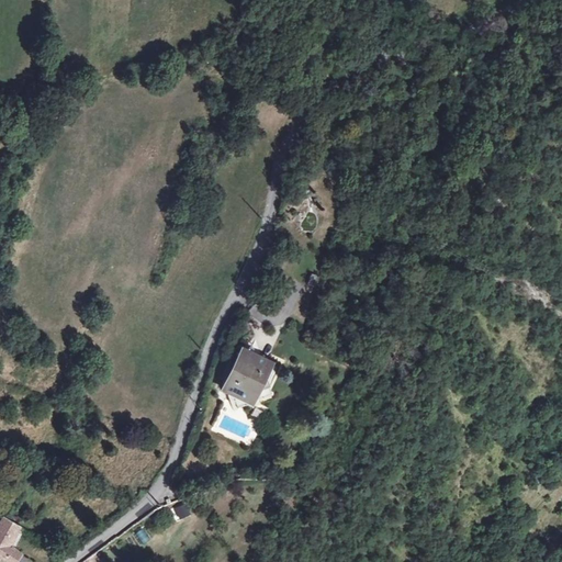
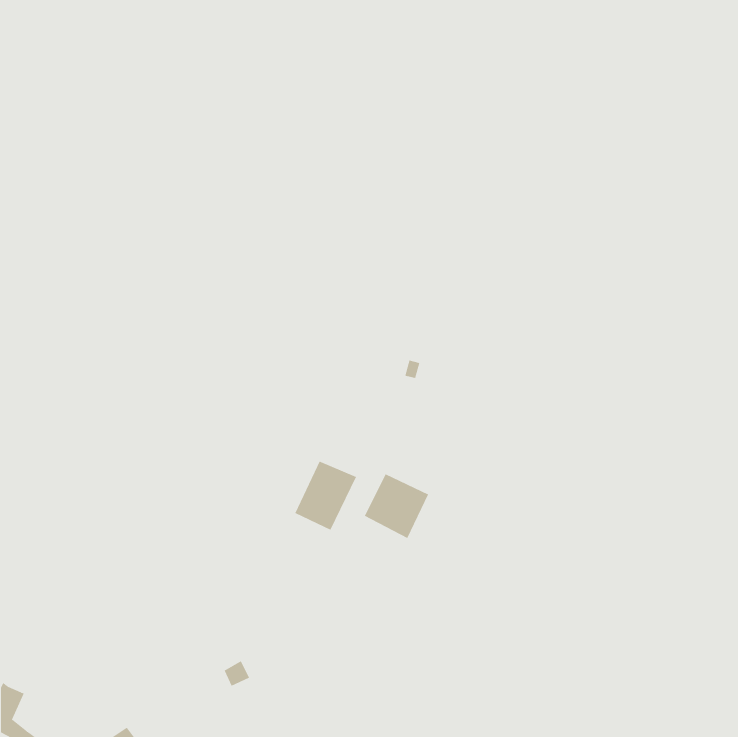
building: none -> [364,473,429,539]

